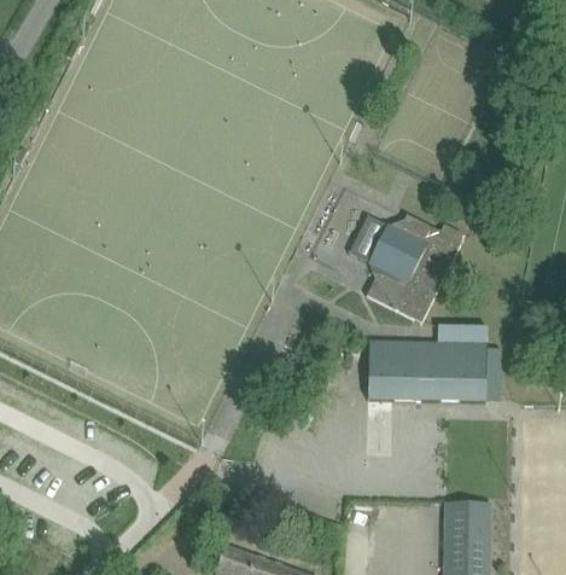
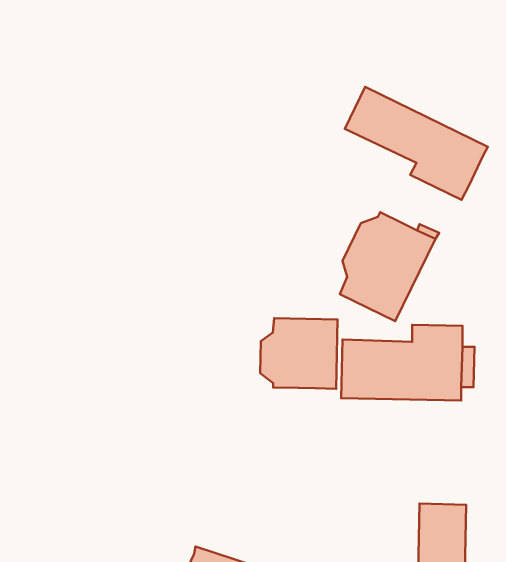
building: none -> [345,87,488,200]
building: none -> [260,318,337,389]

